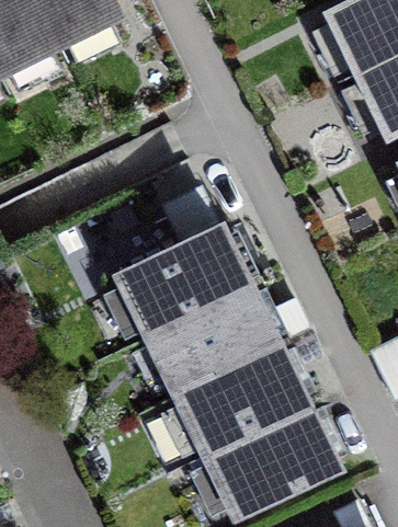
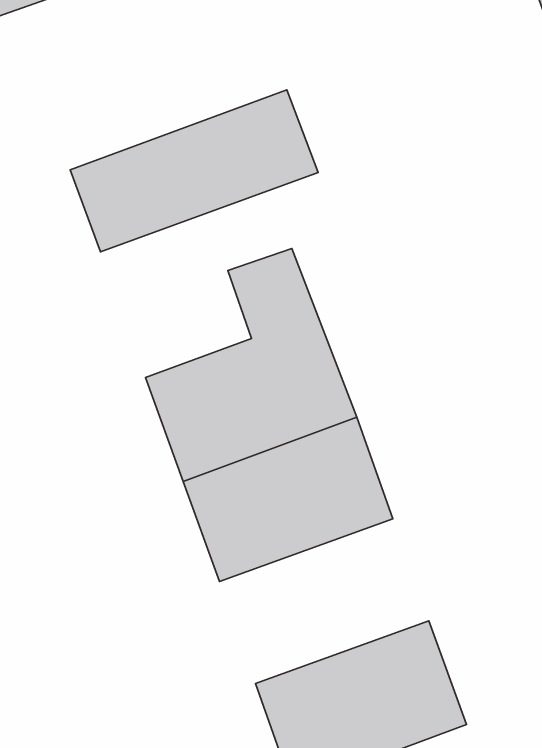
building: none -> [70,90,318,252]
building: [179,345,308,454] -> none

